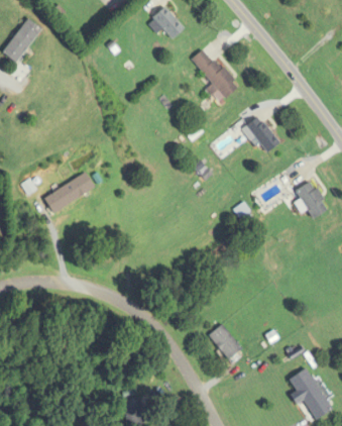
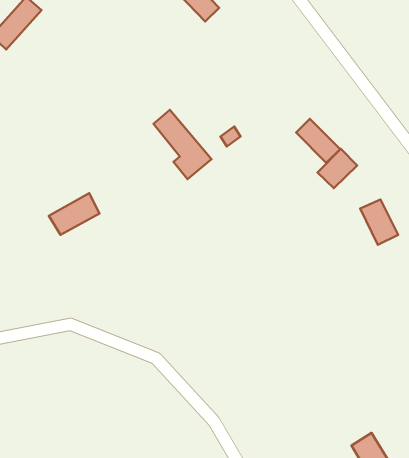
building: [191,47,237,103] -> [153,110,211,179]
building: none -> [317,149,357,188]
building: [208,324,241,359] -> none

